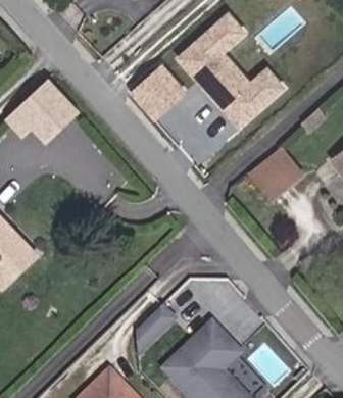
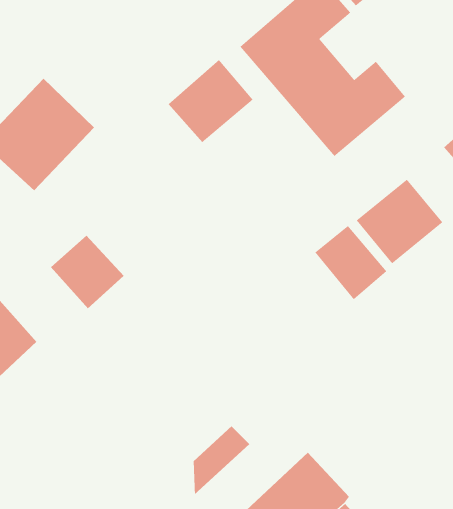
building: none -> [315,225,387,300]
building: none -> [50,235,124,309]

